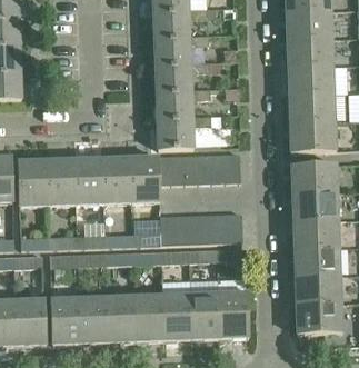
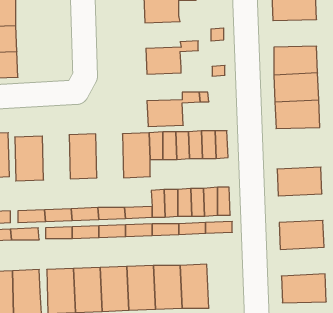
building: [153,33,208,68] -> none
building: [287,38,332,67] -> none
building: [156,87,210,122] -> none
building: [102,157,131,202] -> none
building: [47,158,76,205] -> none
building: [290,163,337,193] -> none
building: [292,219,339,249] -> none
building: [295,275,341,305] -> none
building: [218,291,248,338] -> none

